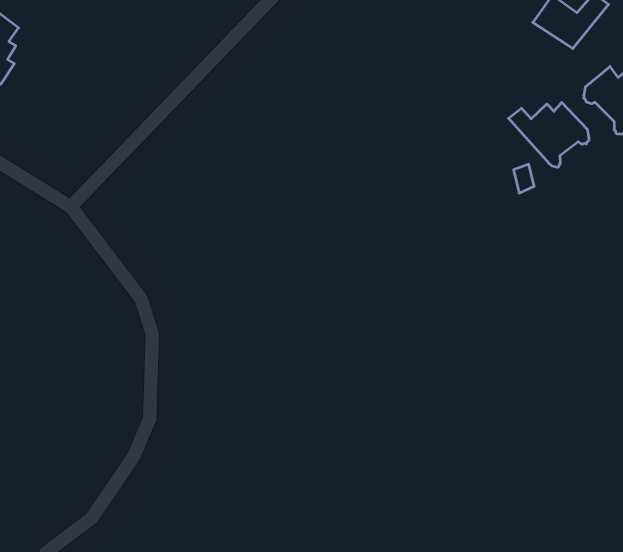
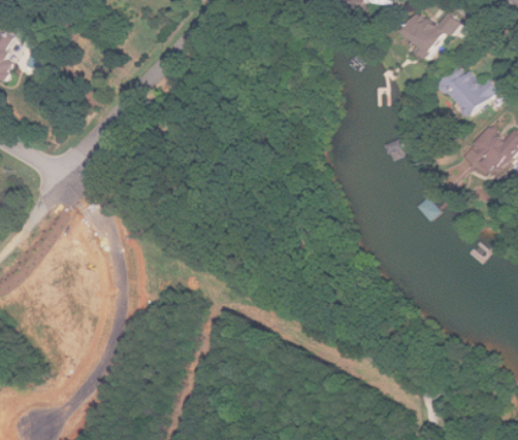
building: [508,102,589,167] -> none

